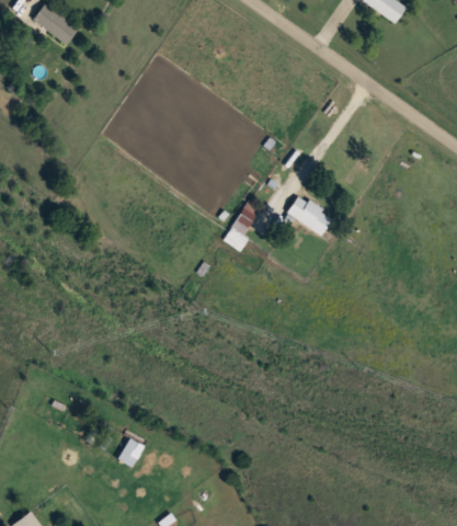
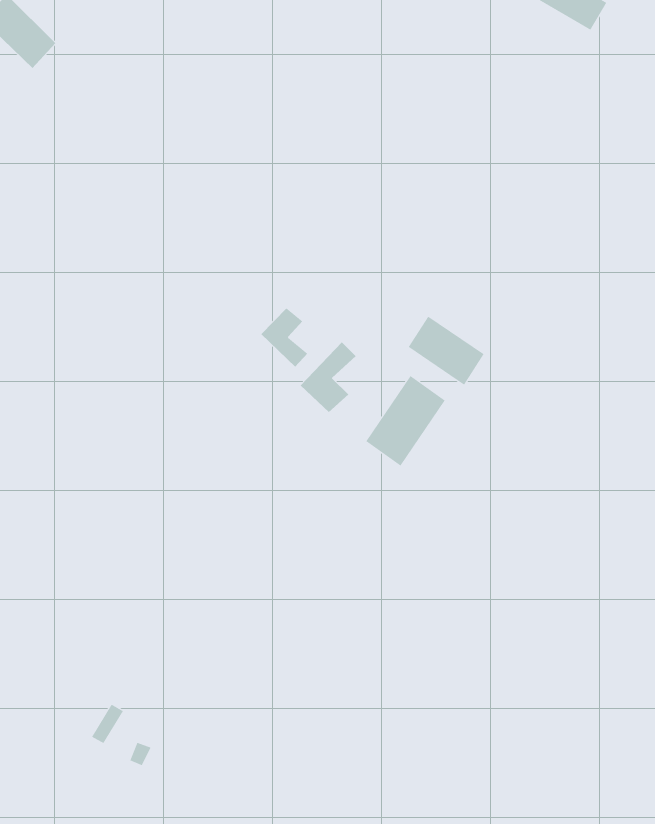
building: none -> [260,308,308,368]
building: none -> [365,375,446,467]

